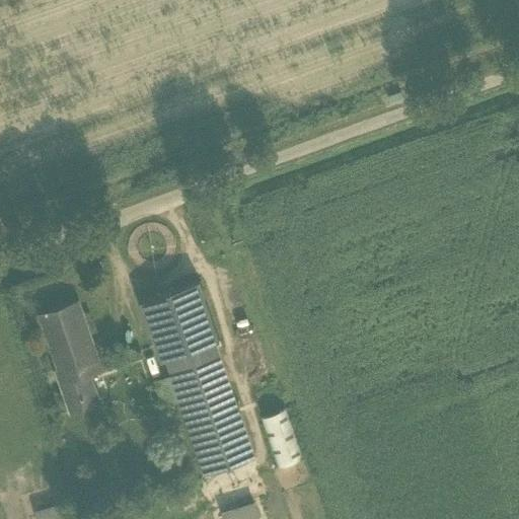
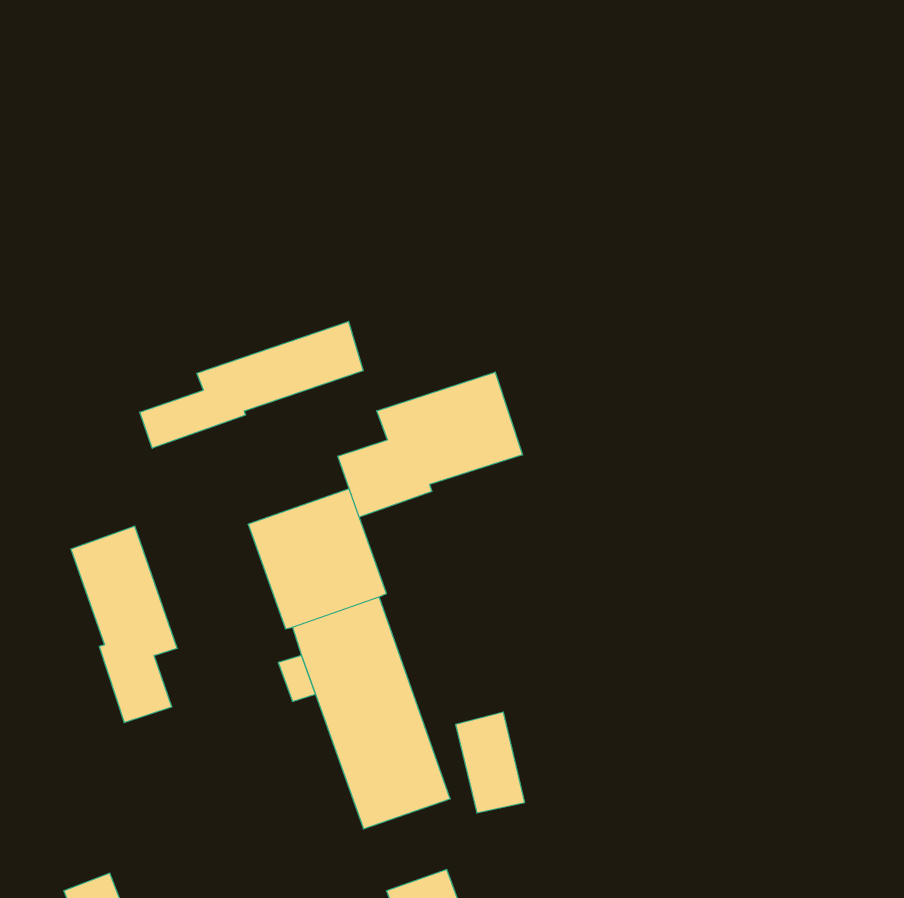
building: none -> [140,321,363,448]
building: none -> [338,372,523,517]

